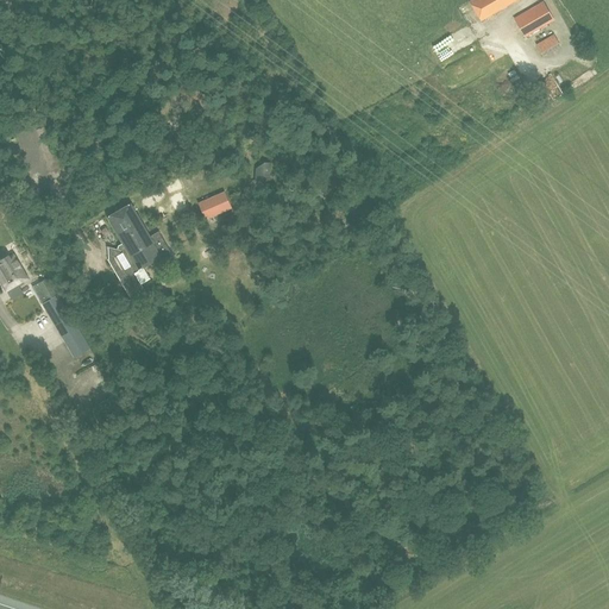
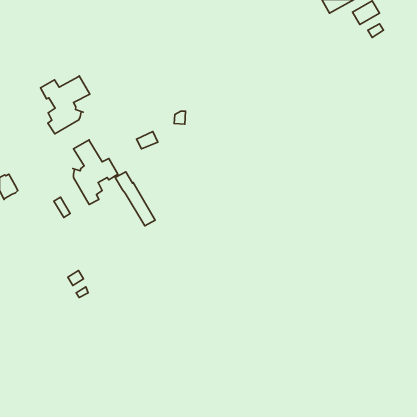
building: none -> [40,76,90,134]
building: [31,277,89,356] -> [115,172,155,226]

